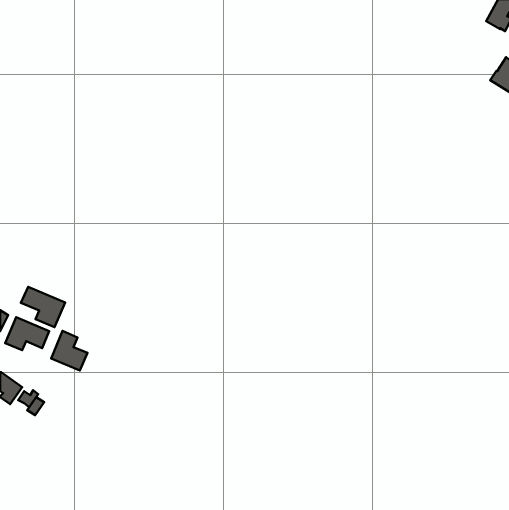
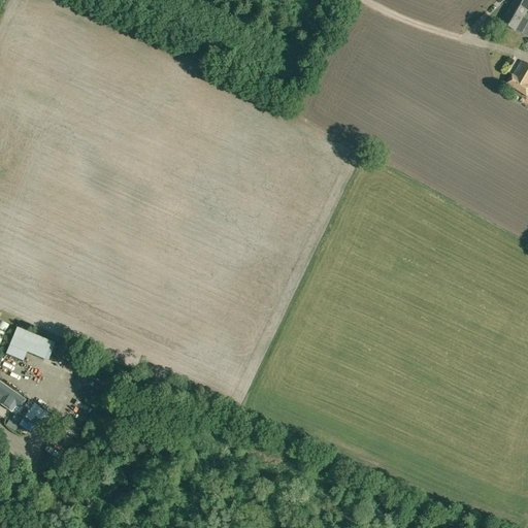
building: [21,287,65,327] -> none
building: [51,331,88,371] -> none

